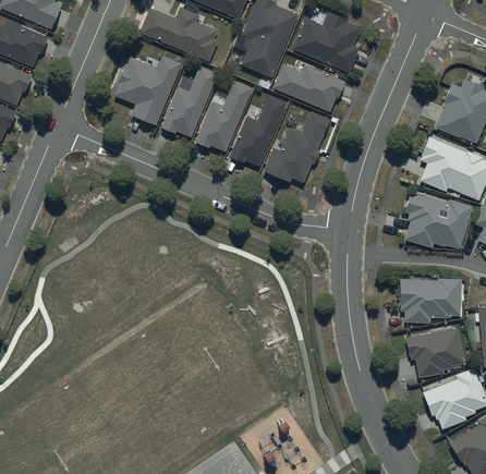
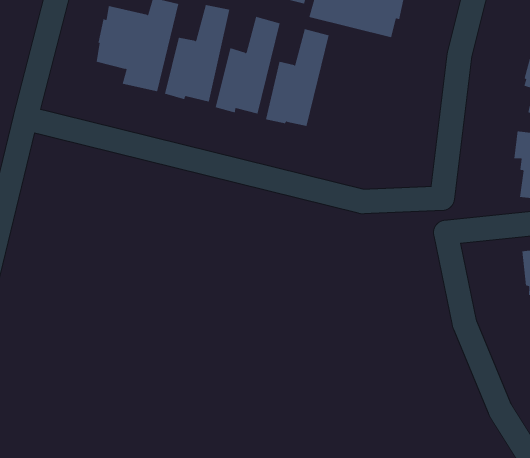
building: [263,110,330,183] -> none

